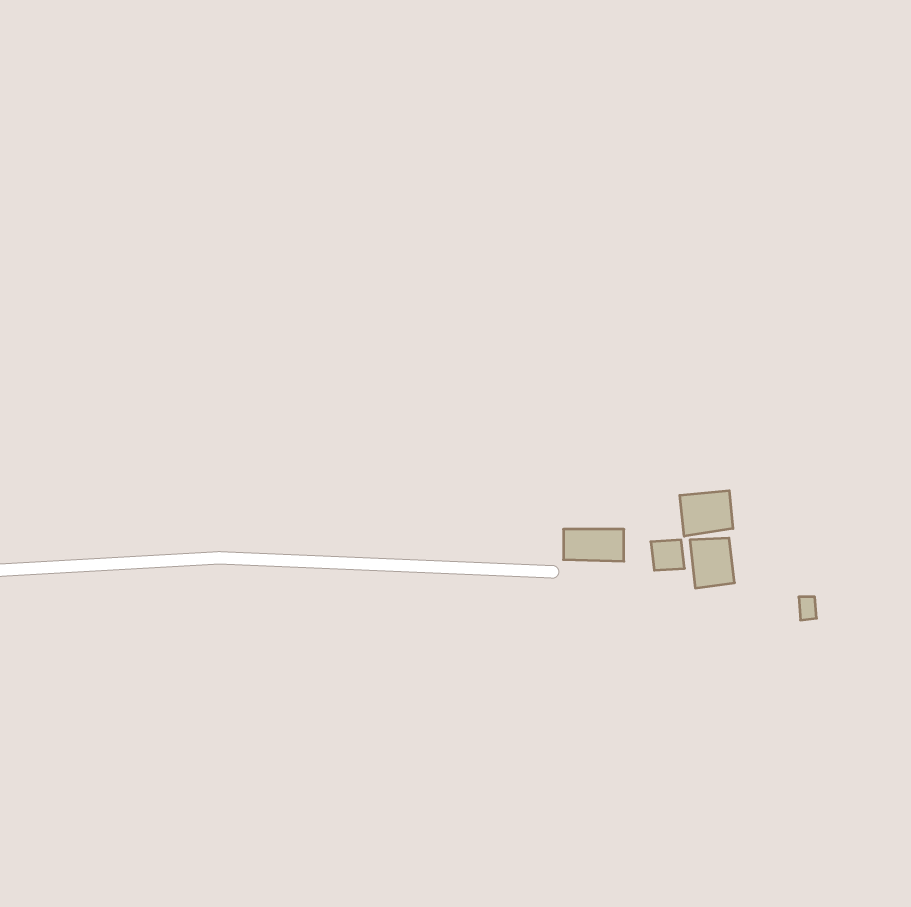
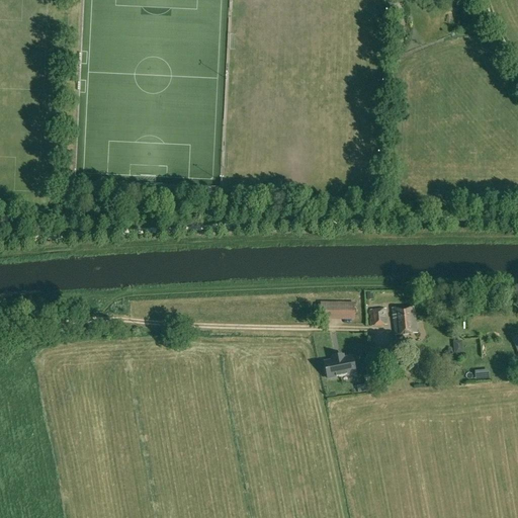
building: [680,491,733,536] -> none
building: none -> [325,354,355,376]

